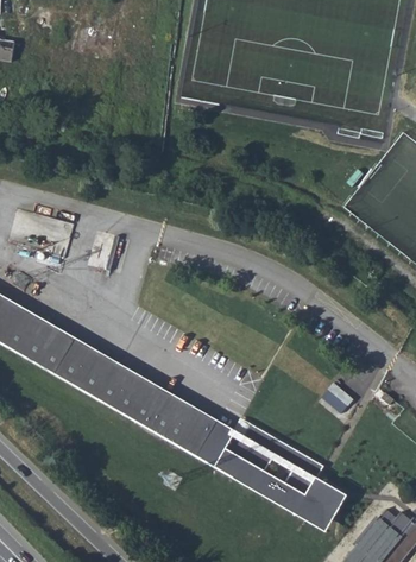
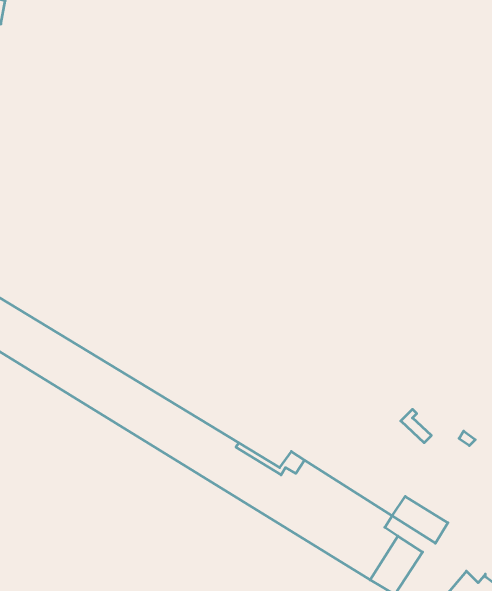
building: none -> [392,496,448,543]

